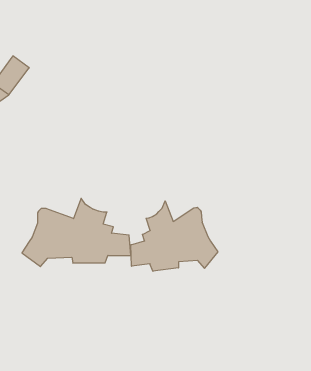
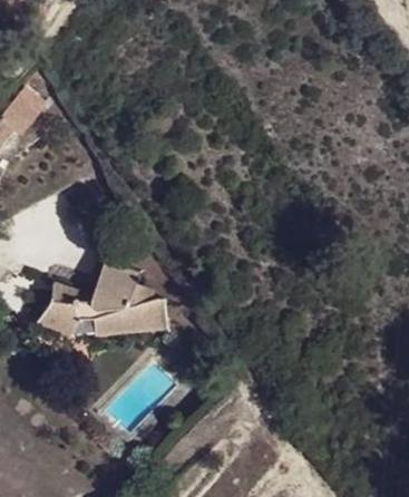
building: [131,201,218,271] -> none

